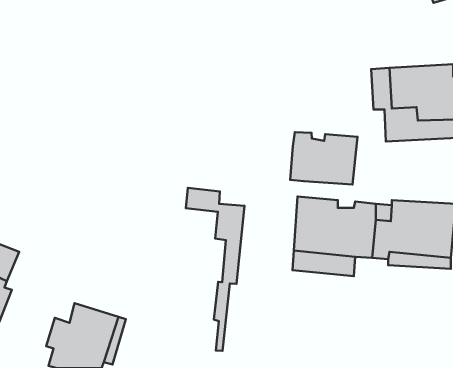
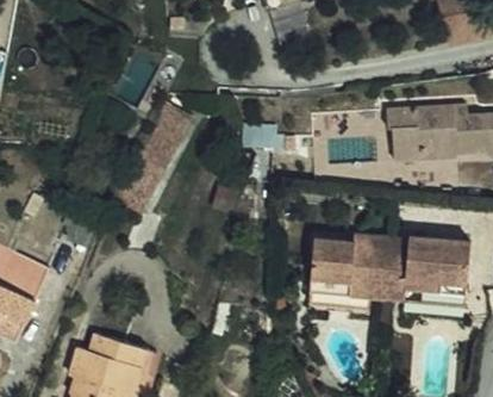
building: [290,132,357,185] -> none
building: [186,188,244,351] -> none

